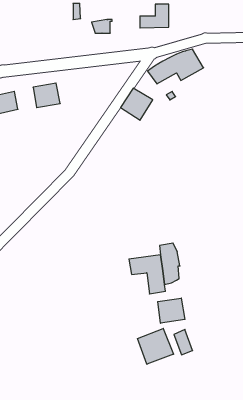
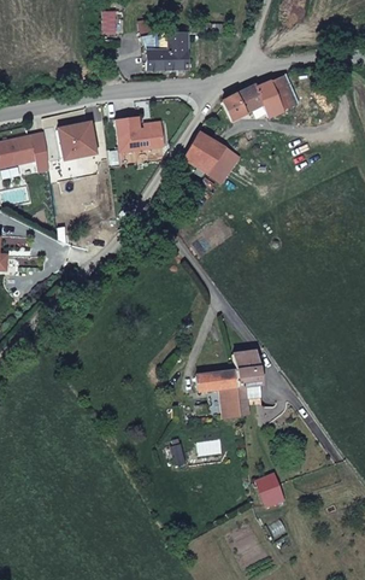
building: [140,4,169,28] -> [146,35,187,69]
building: none -> [116,116,165,151]
building: [158,298,185,323] -> none
building: [138,328,174,364] -> none

